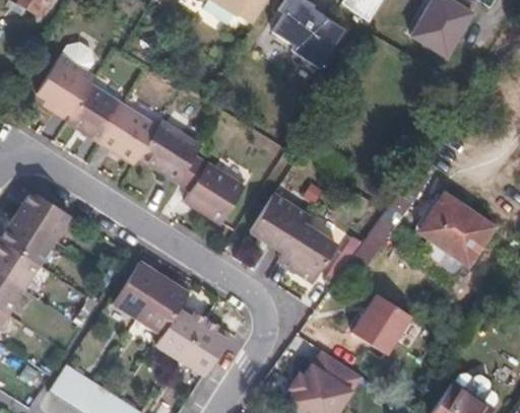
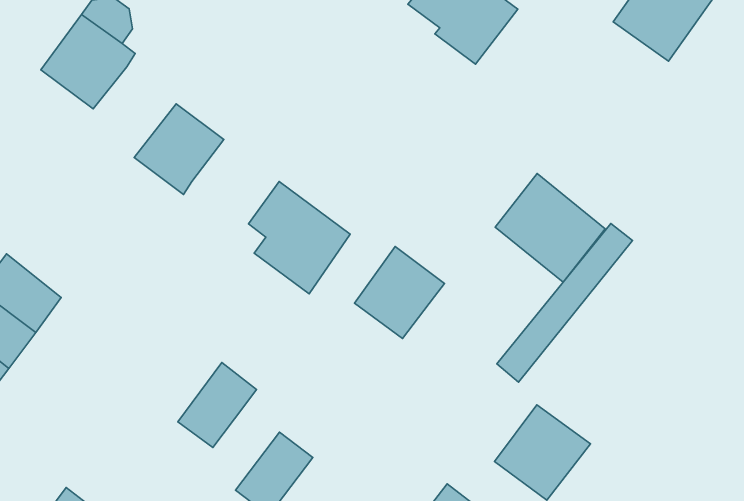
building: [64,85,123,145] -> none
building: [137,120,201,184] -> none
building: [17,190,73,242] -> none
building: [419,193,493,264] -> [495,173,605,282]
building: [279,223,339,284] -> none
building: [115,262,166,319] -> none
building: [156,304,207,361] -> none

